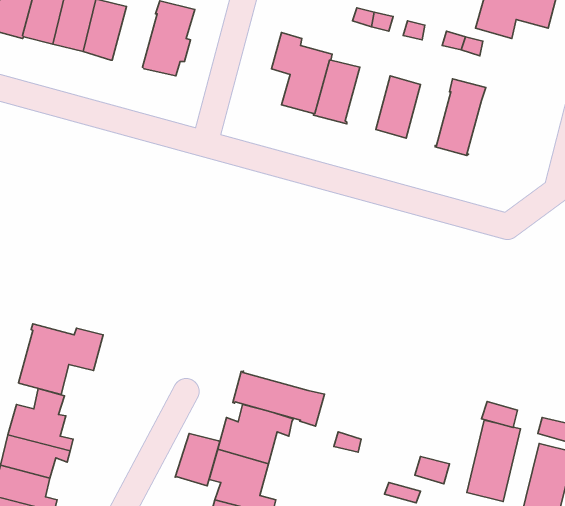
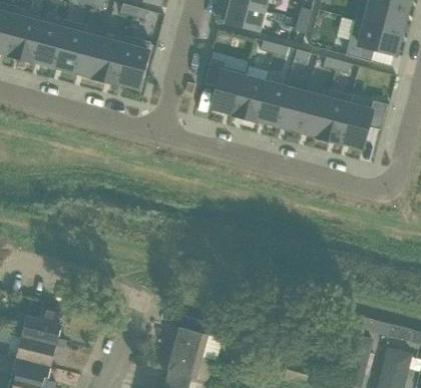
building: none -> [92,40,124,84]
building: none -> [255,82,286,125]
building: none -> [297,94,328,136]
building: none -> [339,101,386,148]
building: [18,324,103,395] -> none
building: [233,371,325,426] -> none
building: [175,434,220,486] -> none

